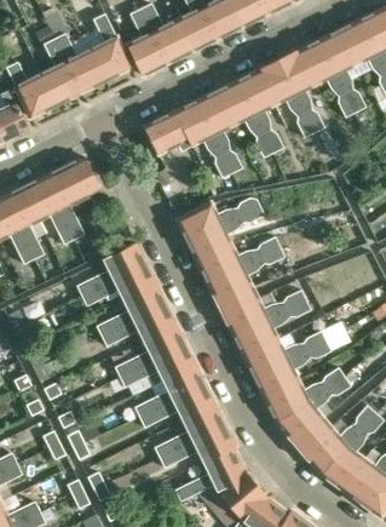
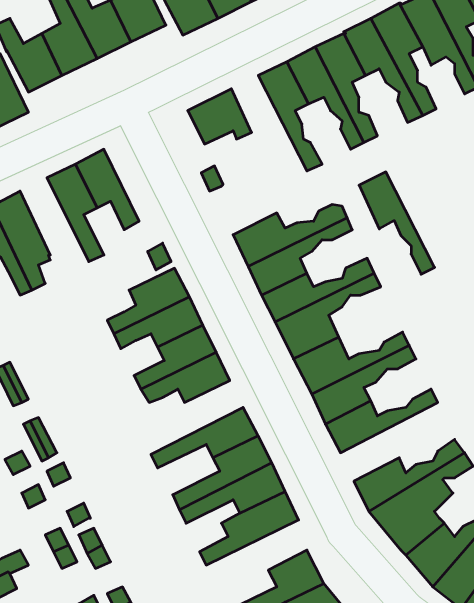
building: [177,103,231,177] -> [359,172,435,274]
building: [24,177,74,242] -> none
building: [114,323,185,377] -> none
building: [255,339,330,396] -> none
building: [159,424,236,466] -> none

